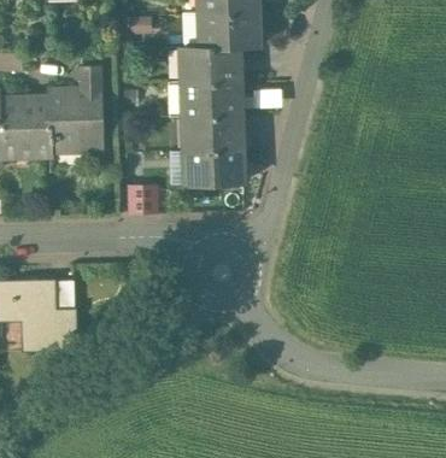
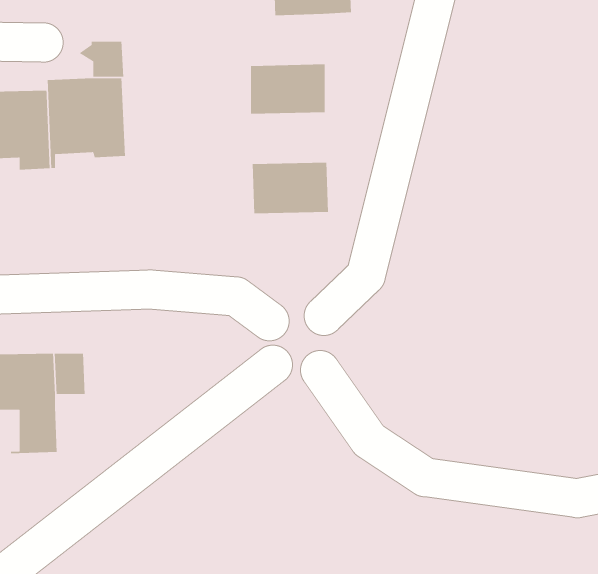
building: [187,47,240,82] -> none
building: [188,114,241,149] -> none
building: [133,182,162,210] -> none
building: [54,309,75,348] -> none

